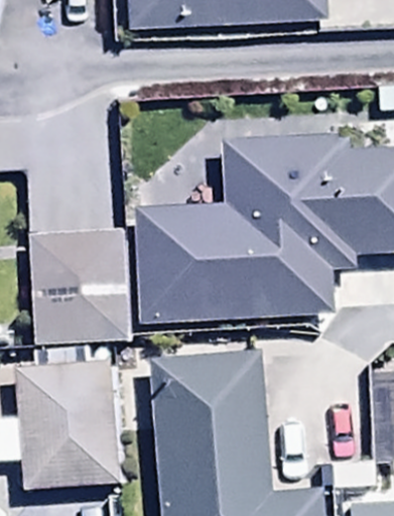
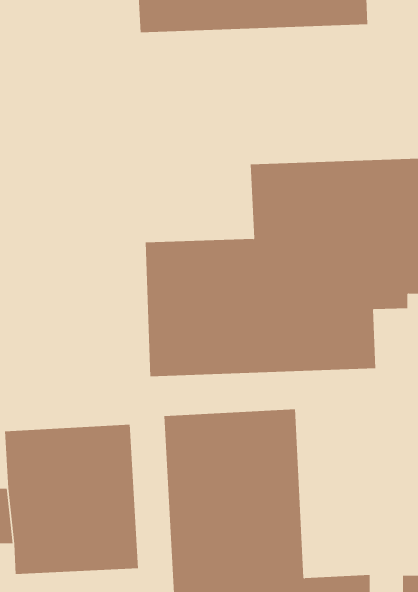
building: [31,230,131,344] -> none

